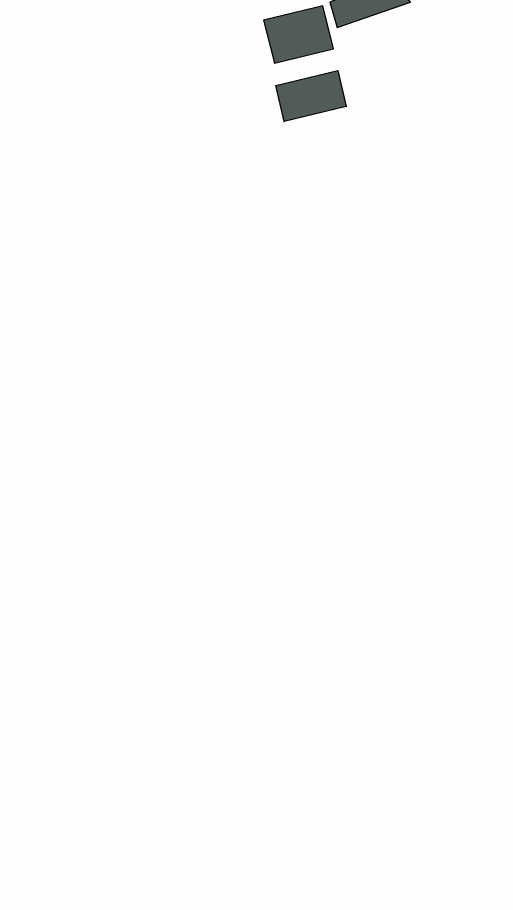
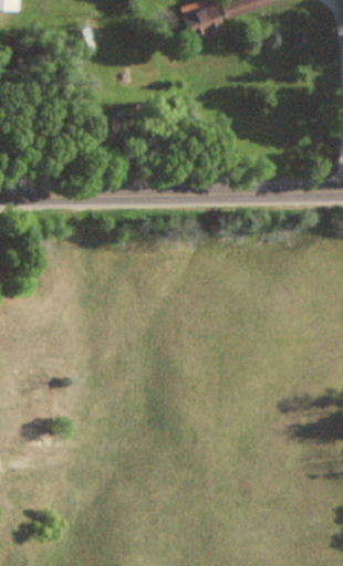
building: [276,71,346,122] -> none

